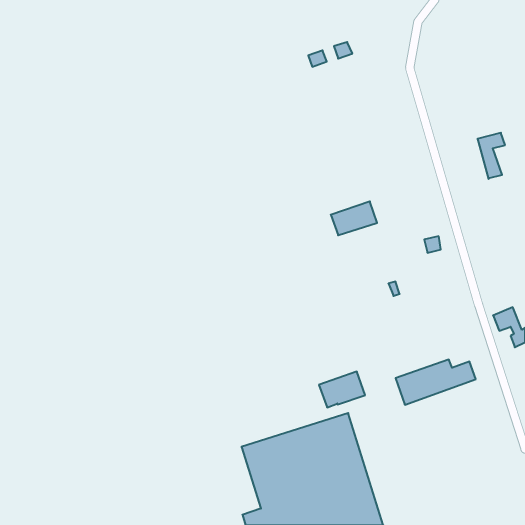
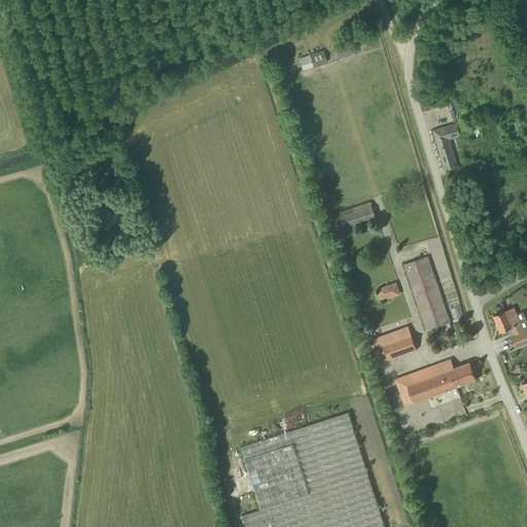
building: [477,133,505,179] -> [433,124,461,170]
building: none -> [403,256,450,330]
building: [319,372,365,407] -> [370,326,416,362]

